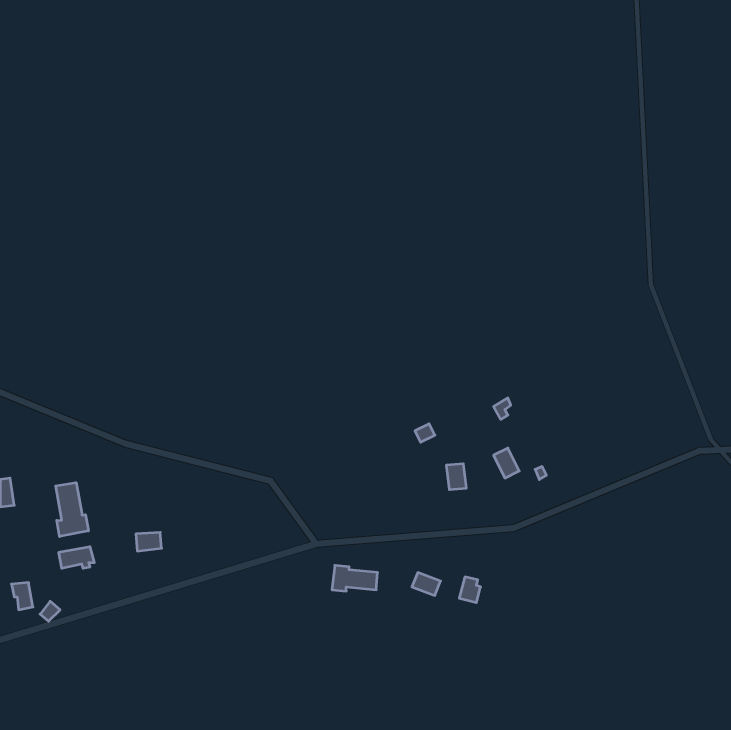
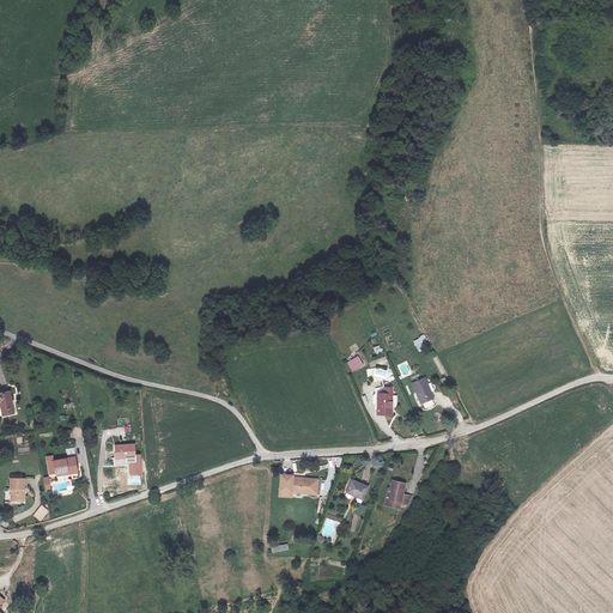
building: [56,483,88,537] -> none

